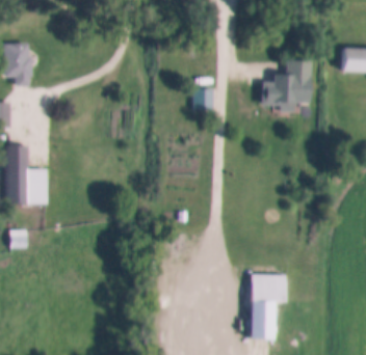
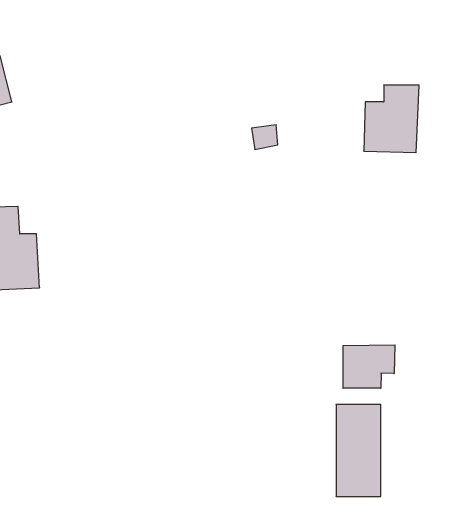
building: none -> [343,345,395,388]

